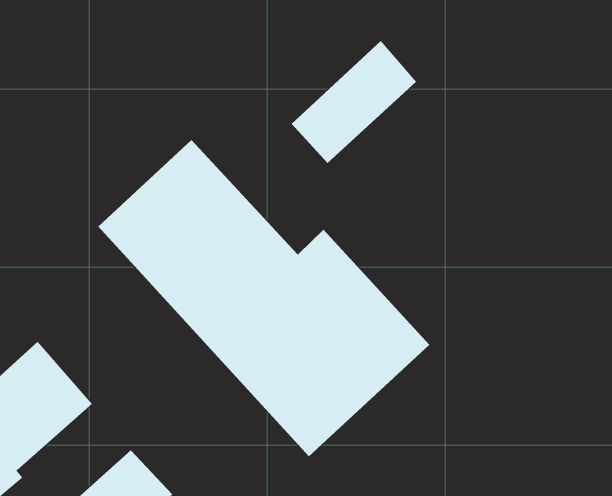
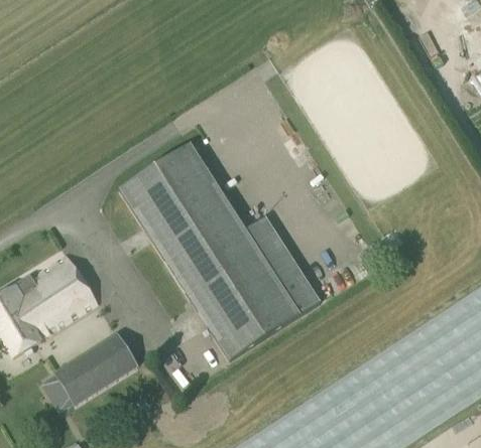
building: [291,40,417,164] -> none

